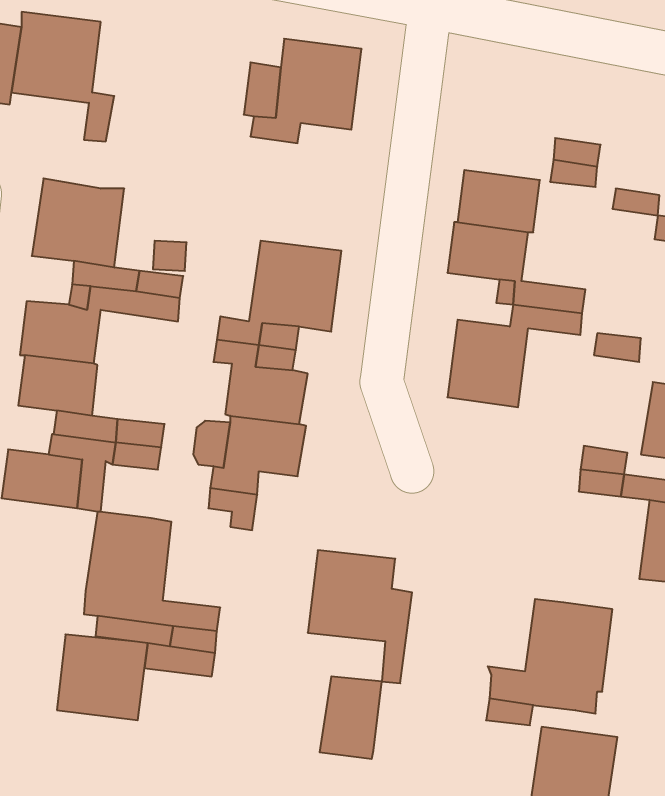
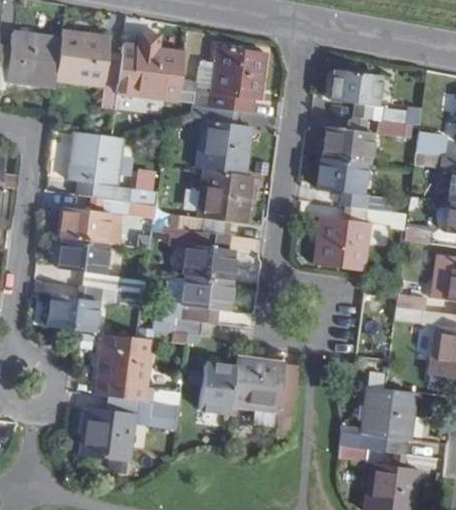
building: none -> [110,35,183,113]
building: none -> [331,69,379,106]
building: none -> [197,106,250,174]
building: [320,676,382,759] -> [200,361,237,411]

